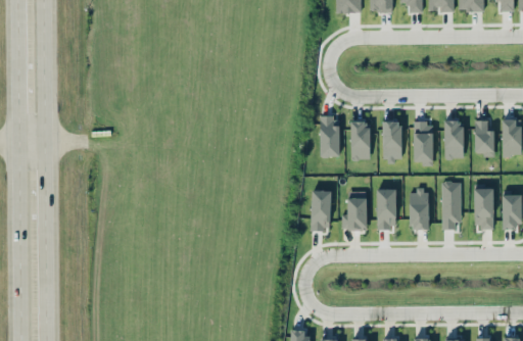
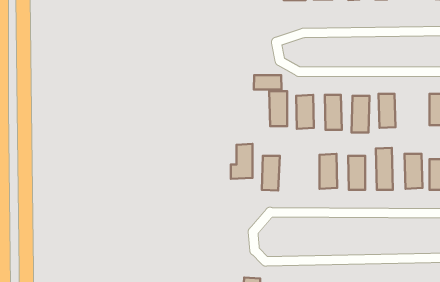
building: none -> [254,75,281,89]
building: [474,119,494,154] -> none
building: [342,190,367,230] -> [231,144,252,179]

